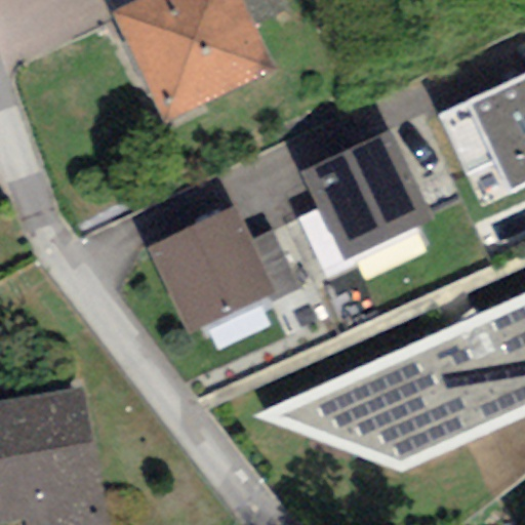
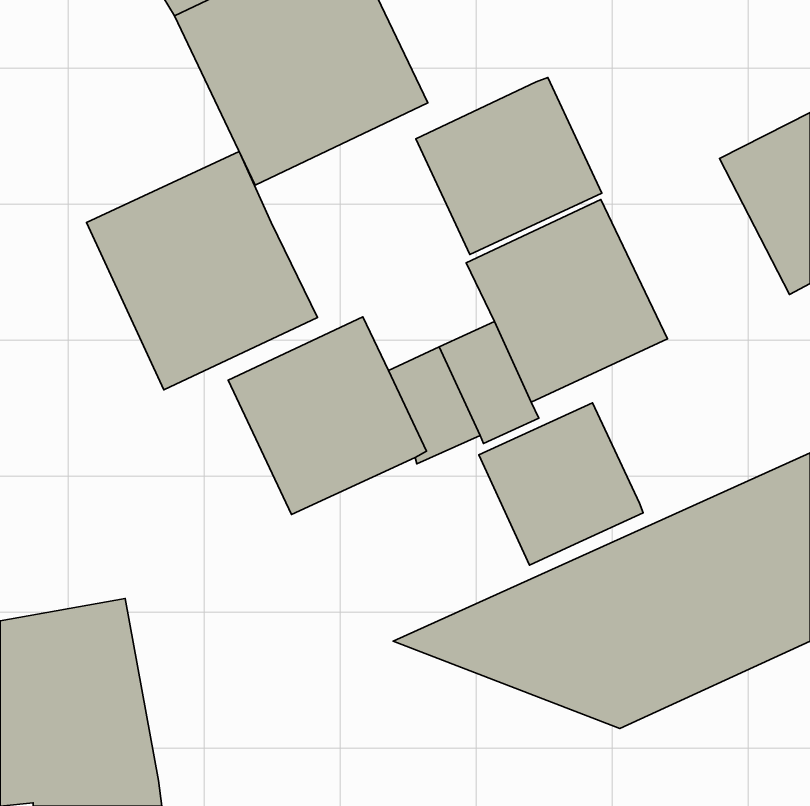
building: none -> [416,77,602,255]
building: none -> [87,152,317,390]
building: none -> [479,403,643,565]

